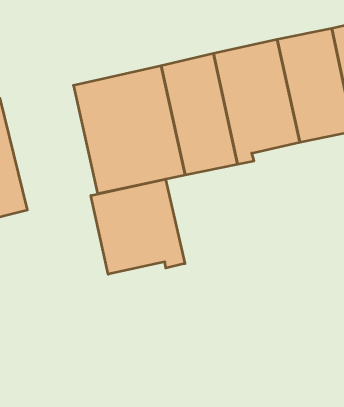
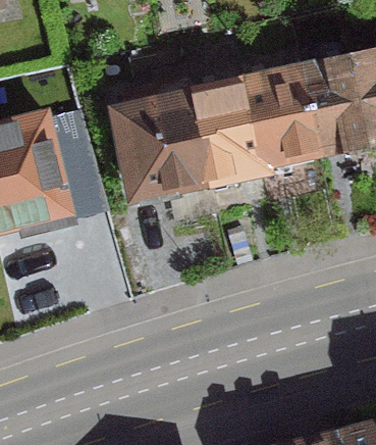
building: [91,179,185,274] -> none

